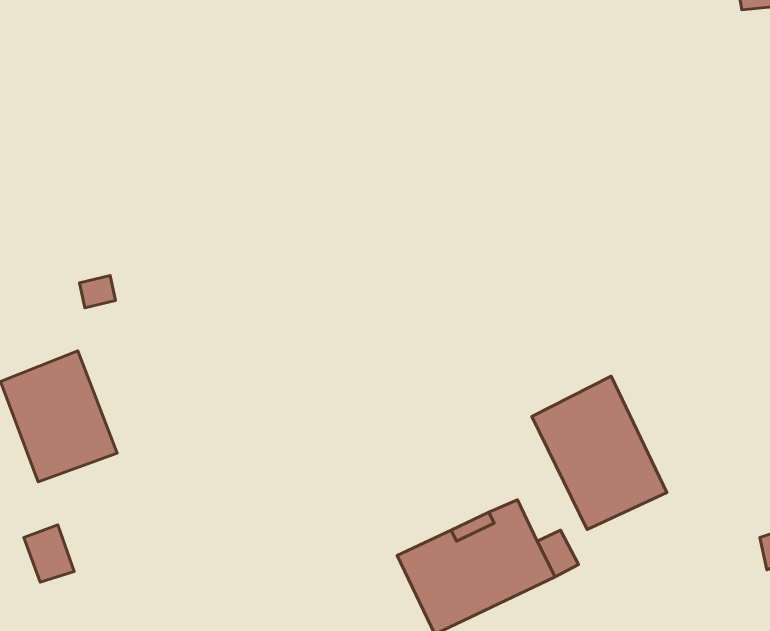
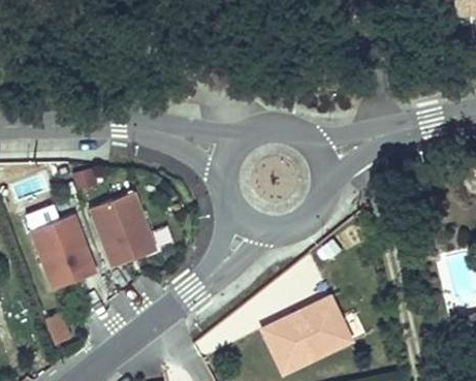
building: none -> [92,189,156,263]
building: [532,376,667,530] -> none

